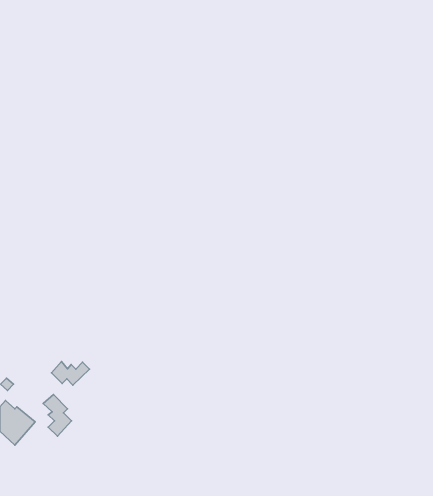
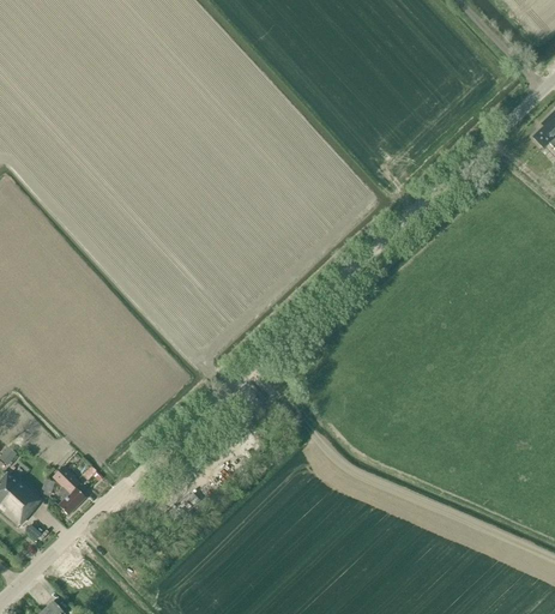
building: [51,362,90,385] -> none

